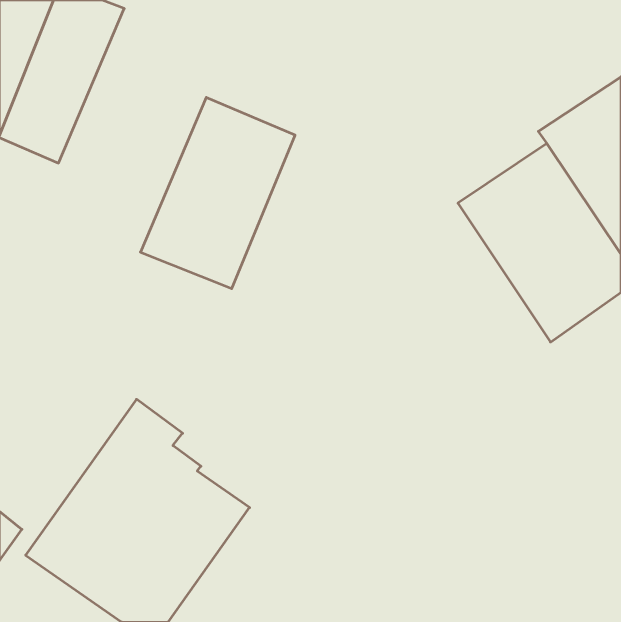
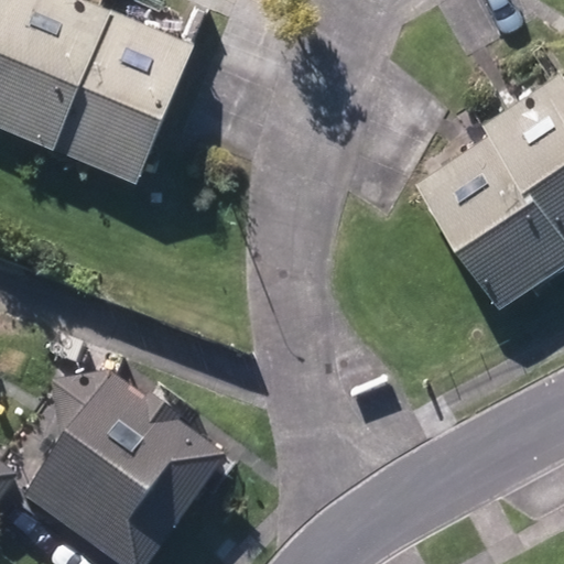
building: [140,97,295,289] -> [53,8,193,181]

